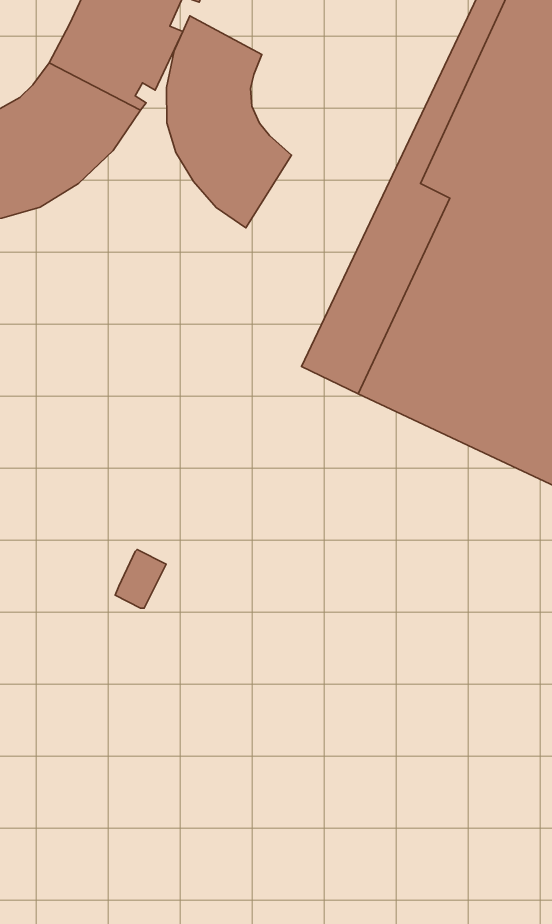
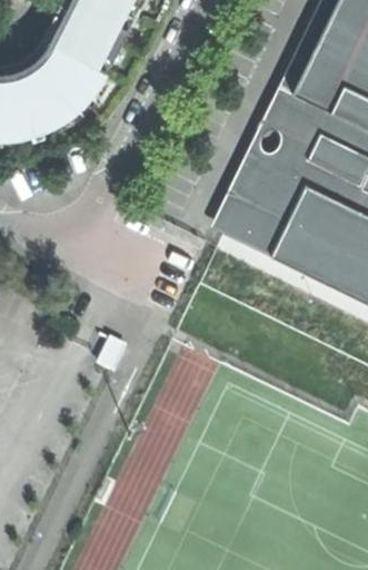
building: [167,16,291,228] -> none

